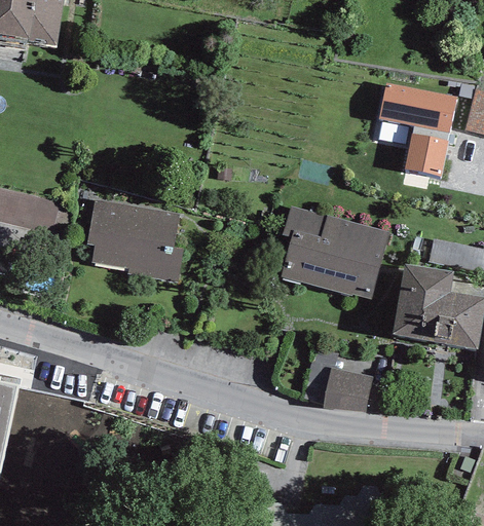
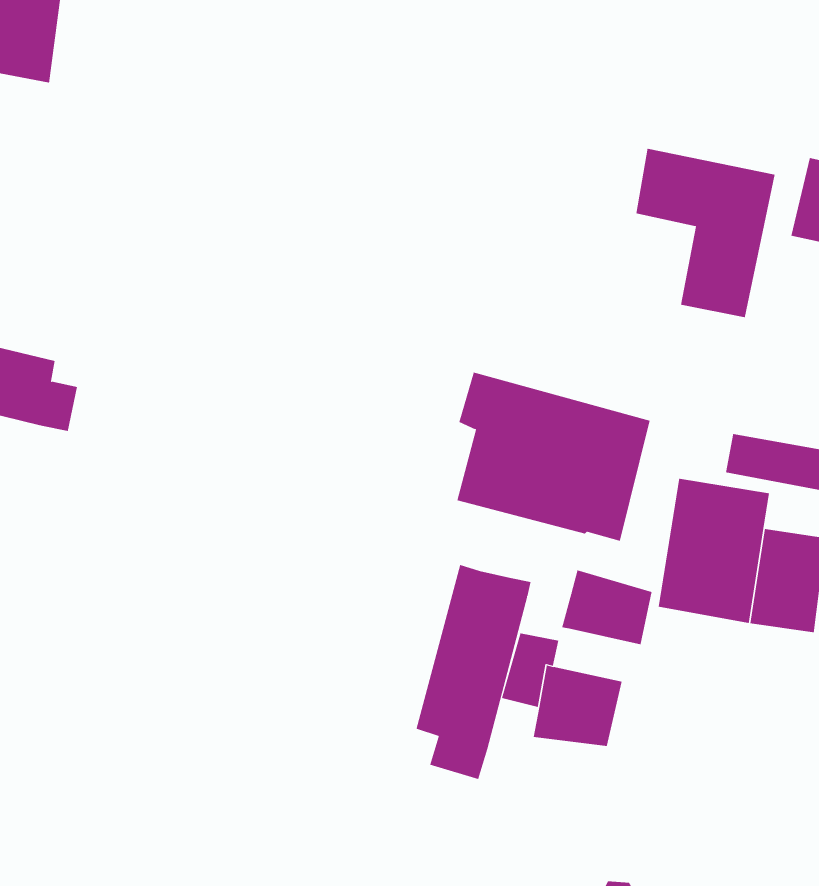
building: [86,199,183,283] -> none
building: none -> [416,564,531,780]
building: none -> [561,569,652,645]

